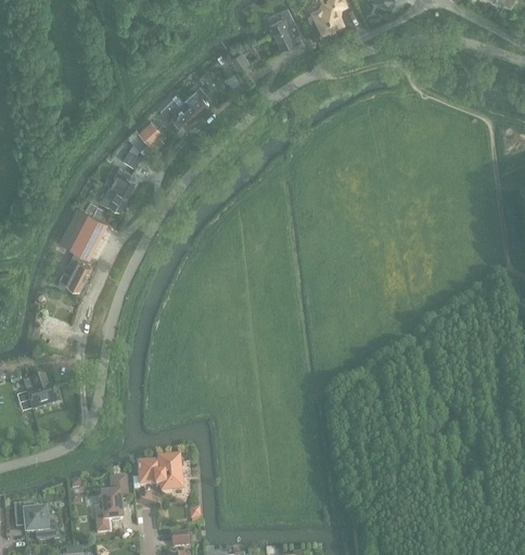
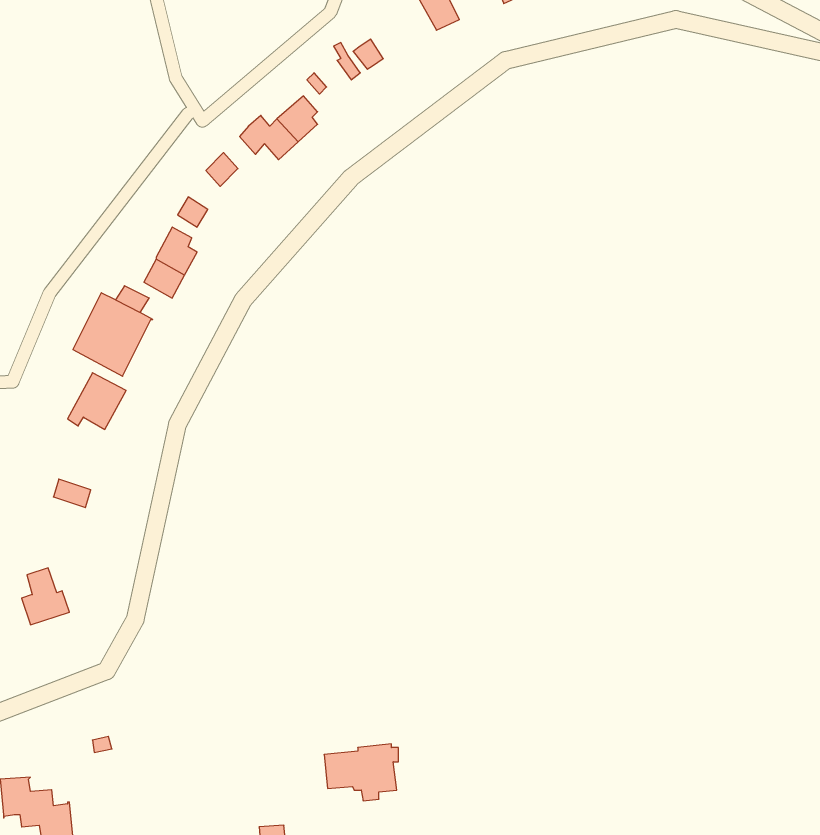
building: [137,456,182,491] -> [324,744,398,801]
building: [94,475,127,530] -> none

